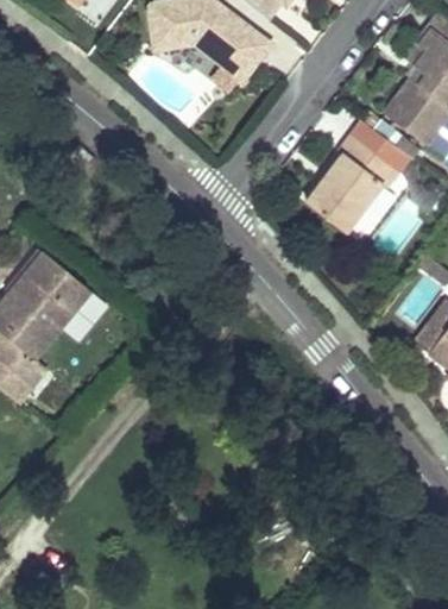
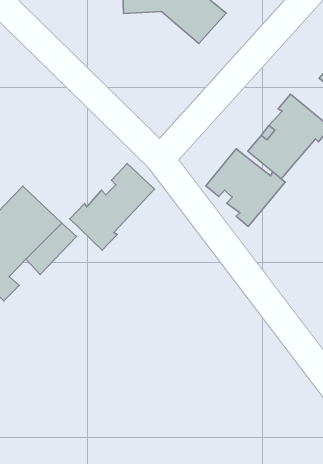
building: none -> [206,149,285,226]
building: none -> [70,163,154,250]

